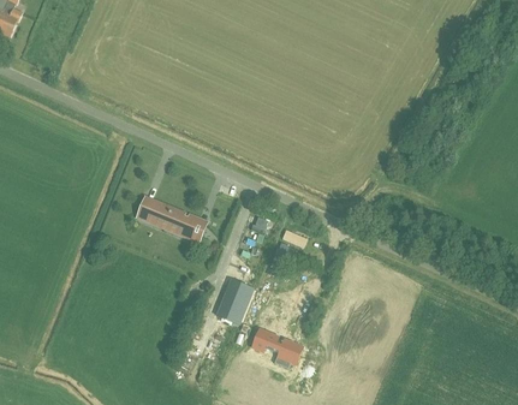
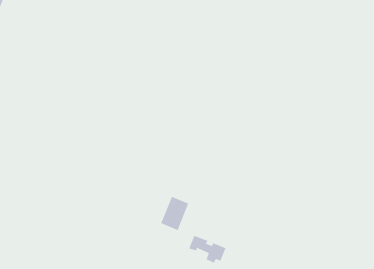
building: [137,197,203,234] -> none

